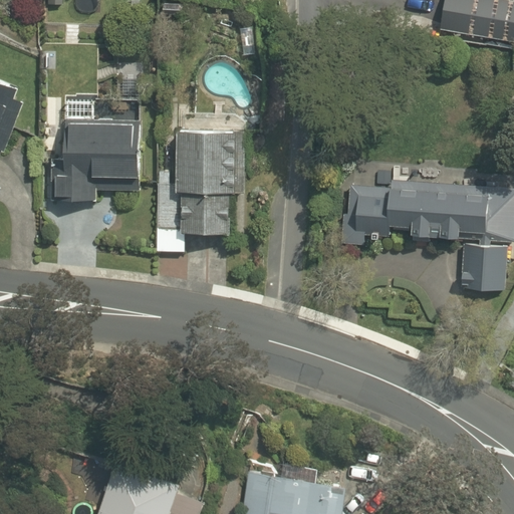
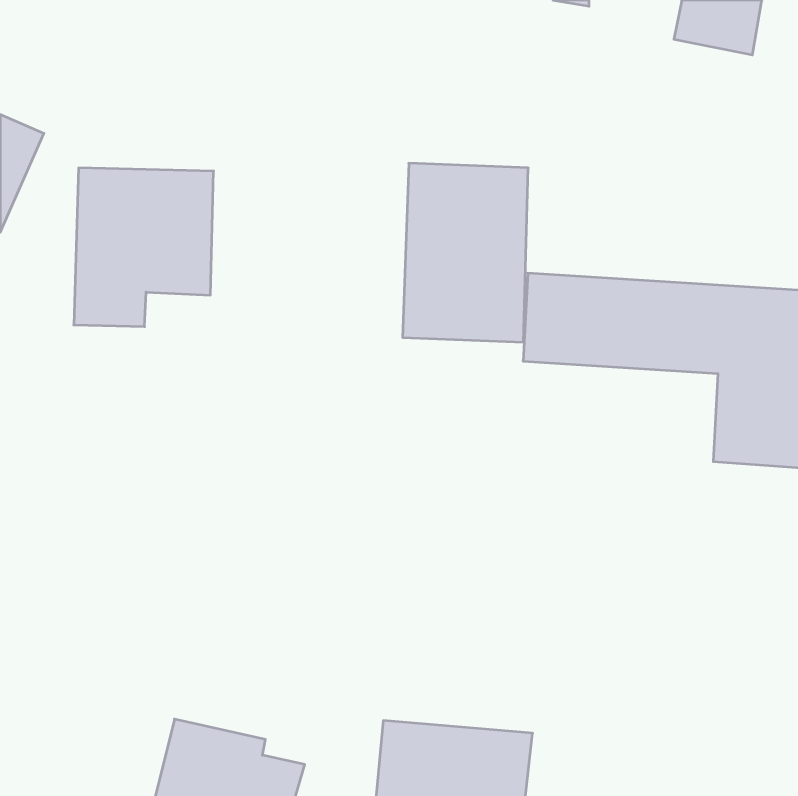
building: [163,121,243,236] -> [403,163,528,342]

